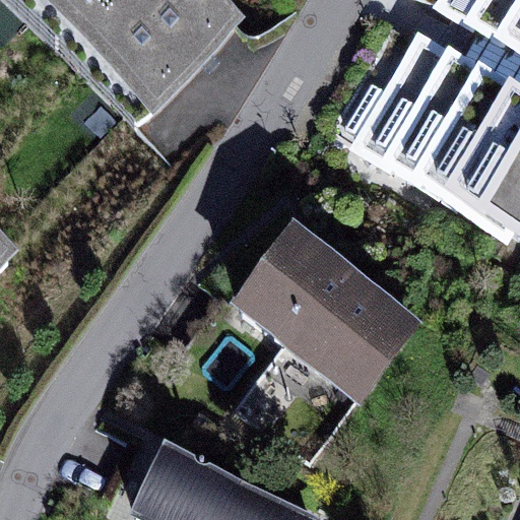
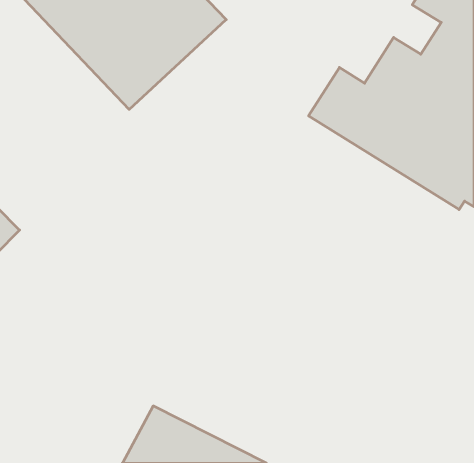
building: [230,214,430,402] -> none

